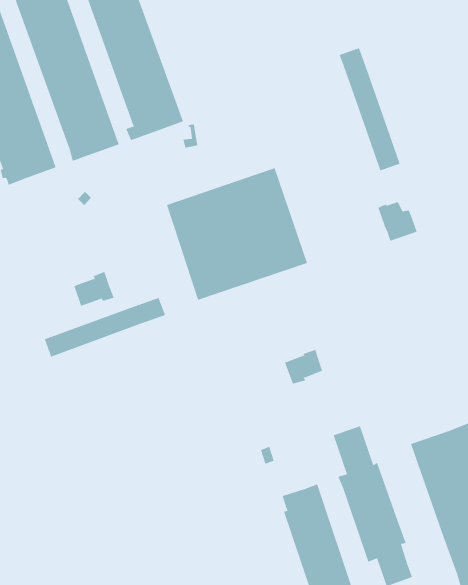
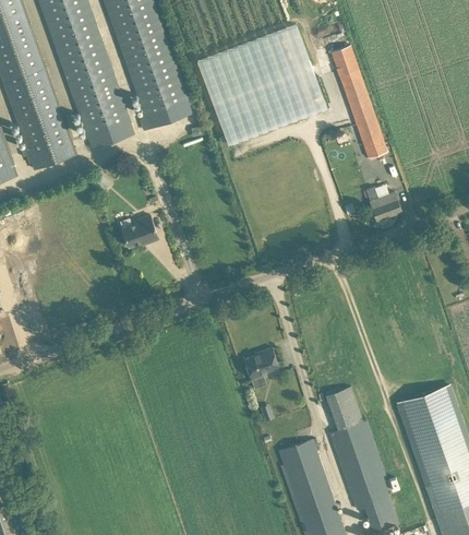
building: [166,167,308,301] -> [199,28,326,148]
building: [73,271,115,306] -> [121,215,158,247]
building: [44,297,166,357] -> none
building: [284,349,323,385] -> [243,347,278,380]

